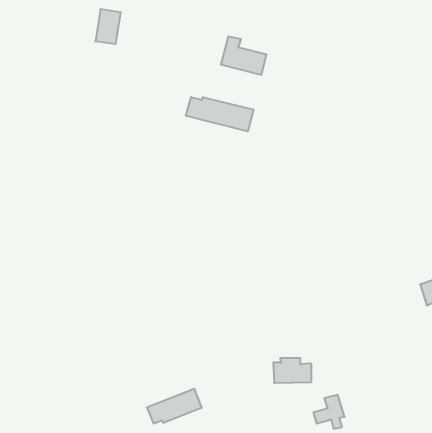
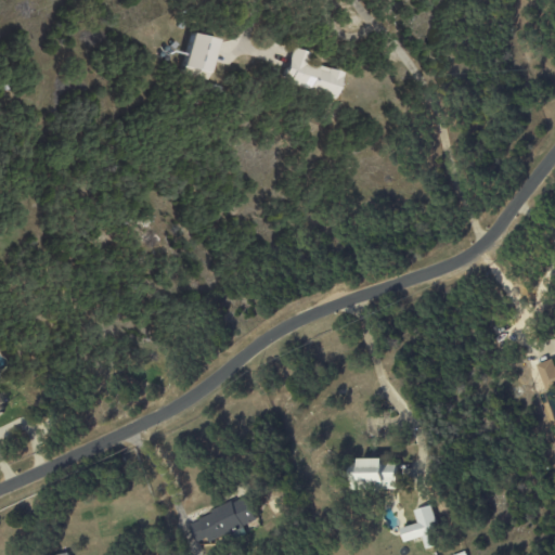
building: [95,9,121,44] -> [184,31,217,76]
building: [186,97,254,131] -> none

